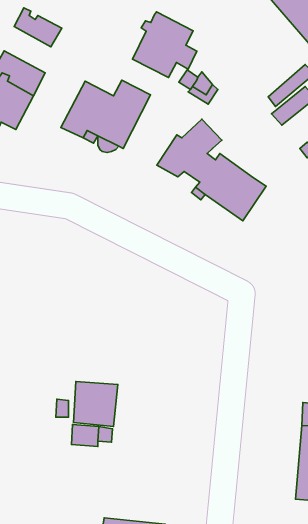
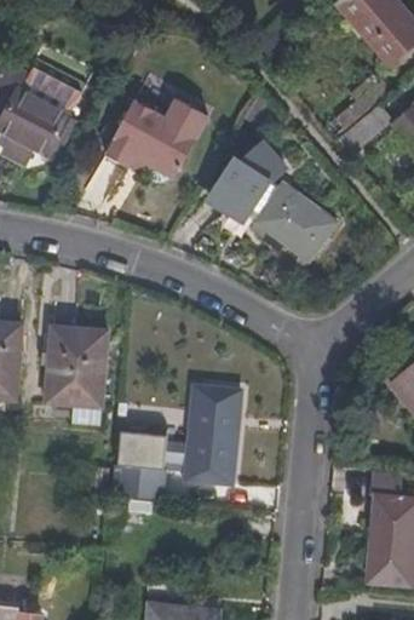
building: [14,8,62,47] -> none
building: [133,12,197,77] -> none
building: none -> [47,325,108,426]
building: none -> [185,386,240,483]

